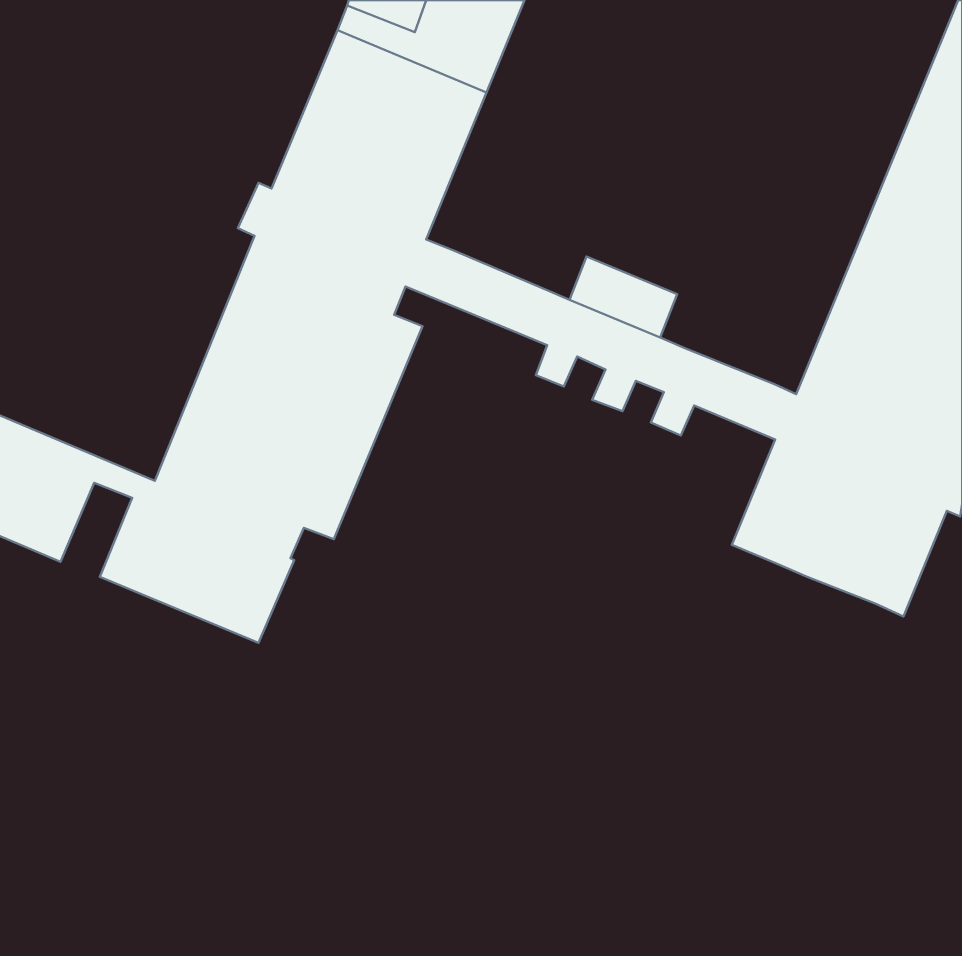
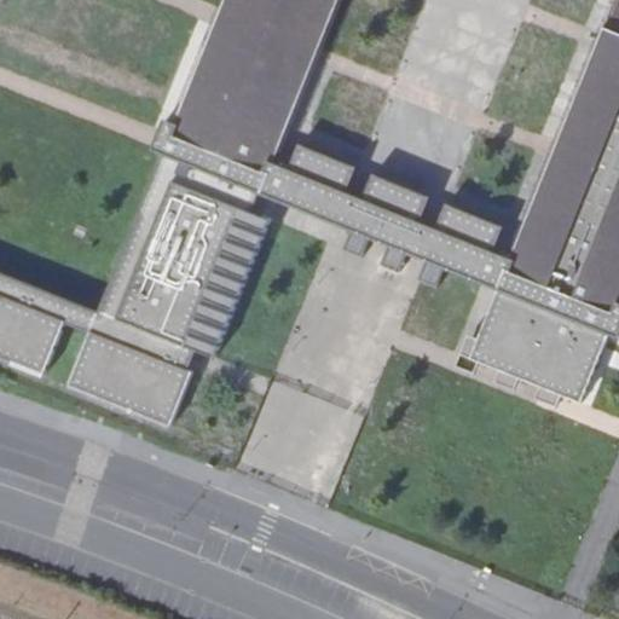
building: none -> [291,139,359,190]
building: none -> [440,199,509,251]

